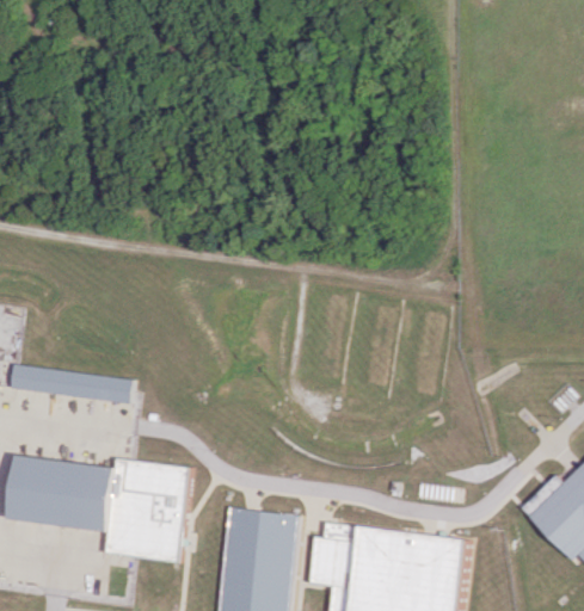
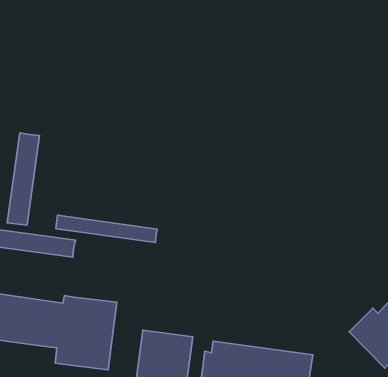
building: none -> [7,133,39,225]
building: none -> [56,215,157,243]

